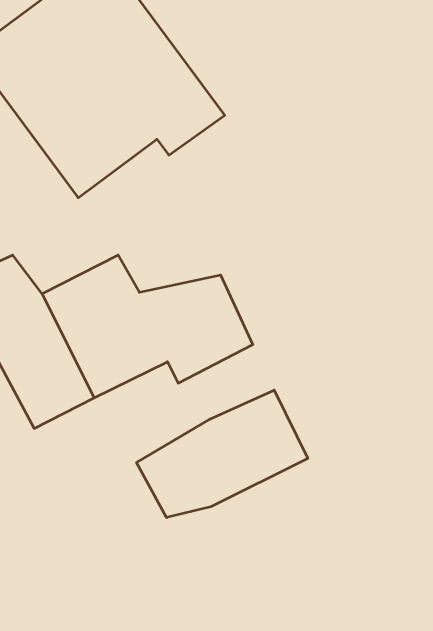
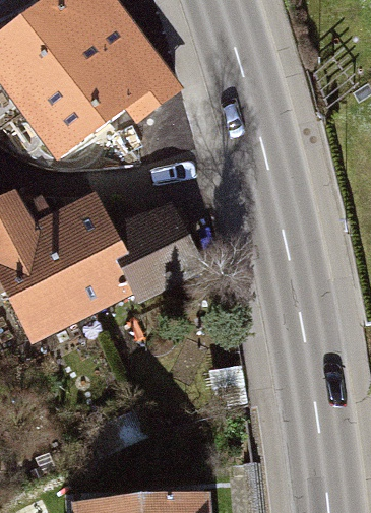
building: [137,390,308,518] -> none

